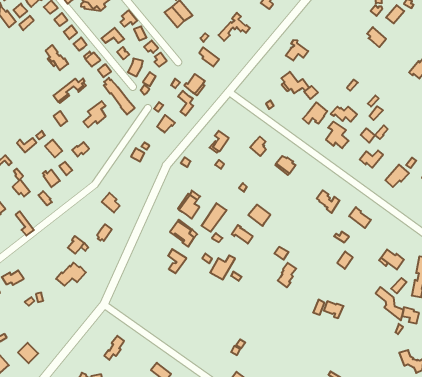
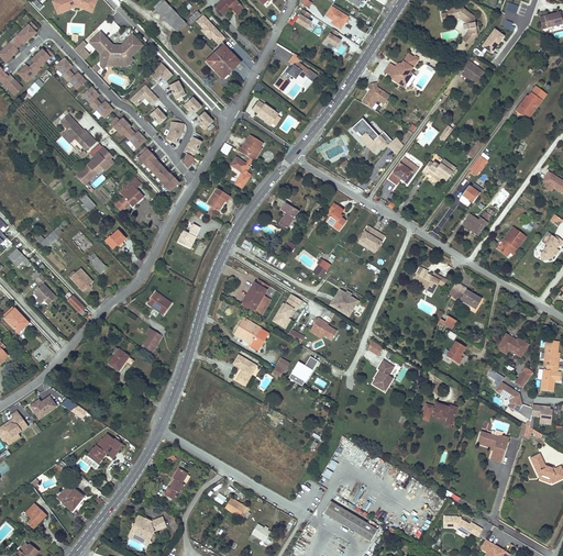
building: none -> [384,53,417,85]
building: [326,122,349,148] -> none
building: [56,263,86,286] -> [87,433,123,463]
building: none -> [477,431,509,462]

